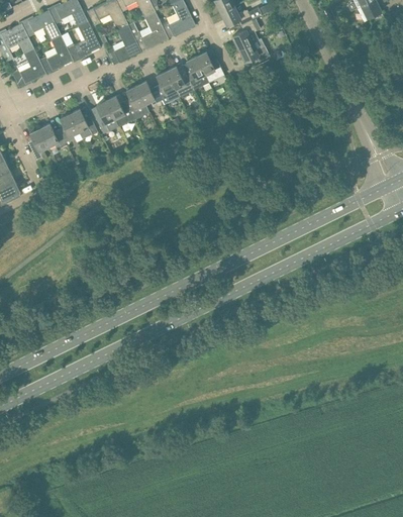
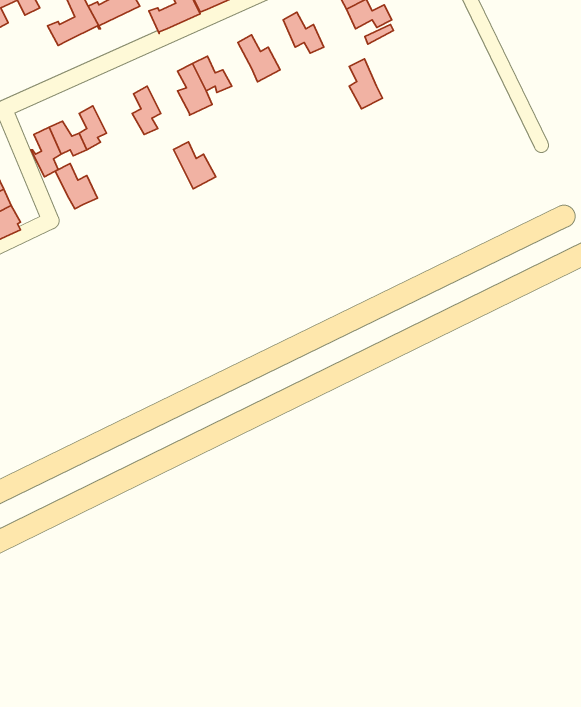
building: [11,47,46,86] -> none
building: [186,56,208,89] -> [349,59,383,109]
building: [156,71,179,104] -> none
building: [105,95,133,126] -> [173,142,216,189]
building: [69,108,97,138] -> [55,164,97,209]

